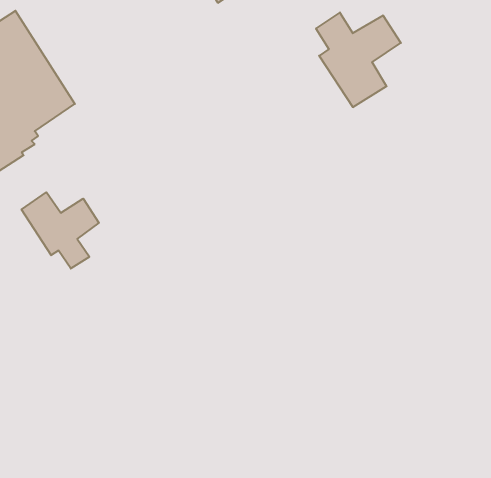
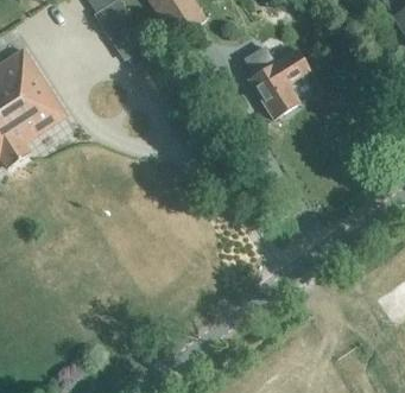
building: [22,192,99,269] -> none

